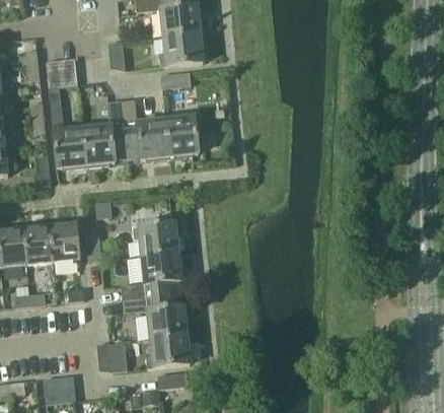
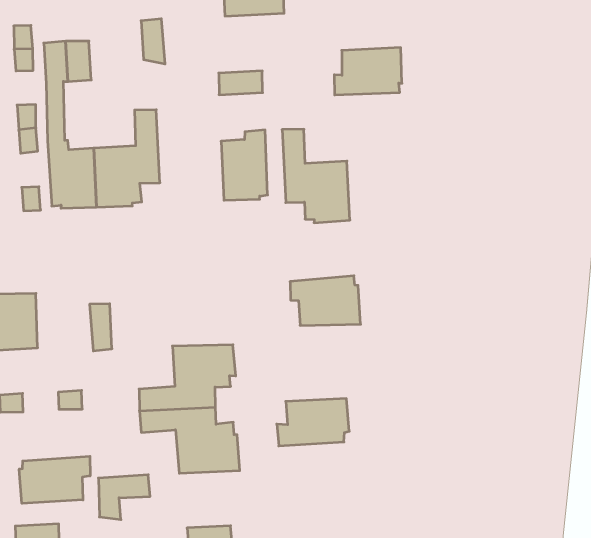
building: [158,32,203,66] -> [334,48,402,95]
building: [121,99,168,160] -> [282,129,350,223]
building: [132,220,179,255] -> [290,276,361,325]
building: [49,222,79,261] -> none
building: none -> [19,456,90,503]
building: [144,334,192,367] -> [277,399,349,446]

